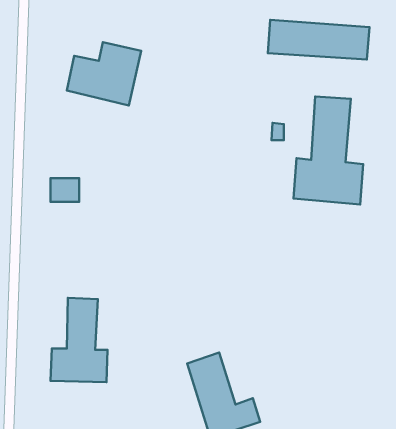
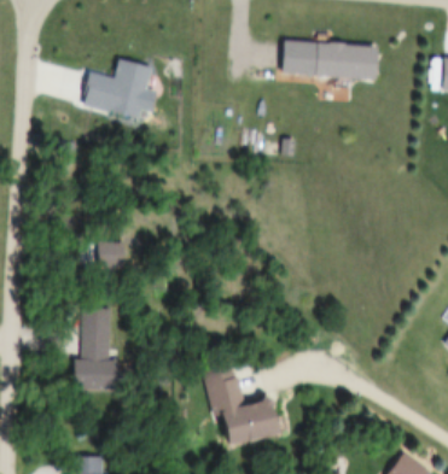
building: [293,96,363,204] -> none
building: [51,178,79,202] -> [99,246,127,269]

